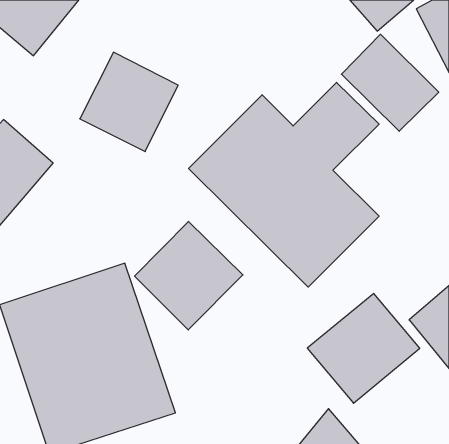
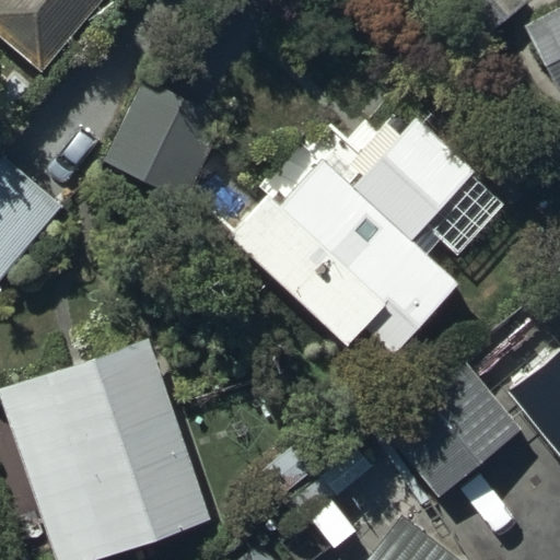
building: [341,34,439,131] -> none
building: [135,221,243,330] -> none

